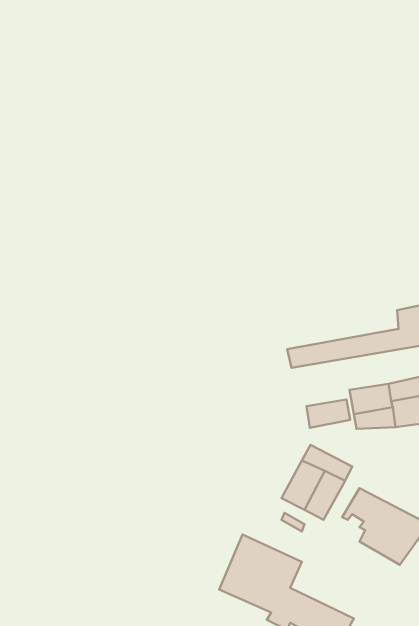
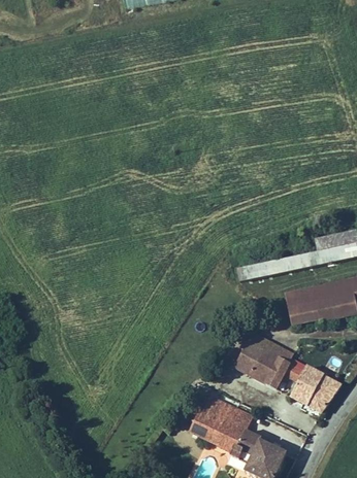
building: [307,399,350,428] -> none

